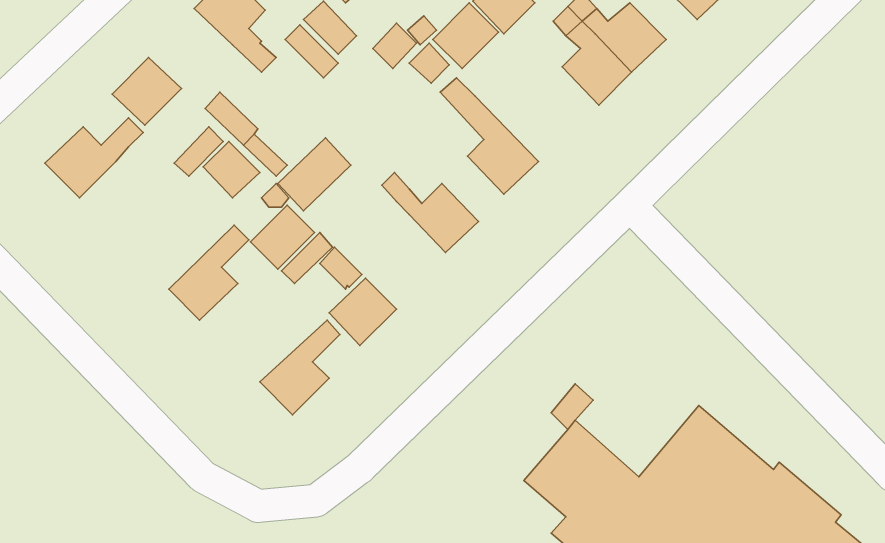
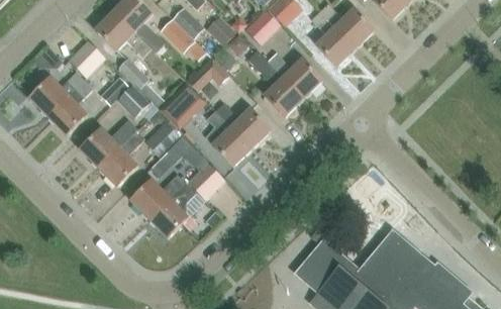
building: none -> [95,12,149,55]
building: none -> [268,54,321,97]
building: none -> [190,59,229,91]
building: none -> [48,81,92,134]
building: none -> [207,110,252,166]
building: none -> [81,123,134,168]
building: none -> [130,176,186,219]

